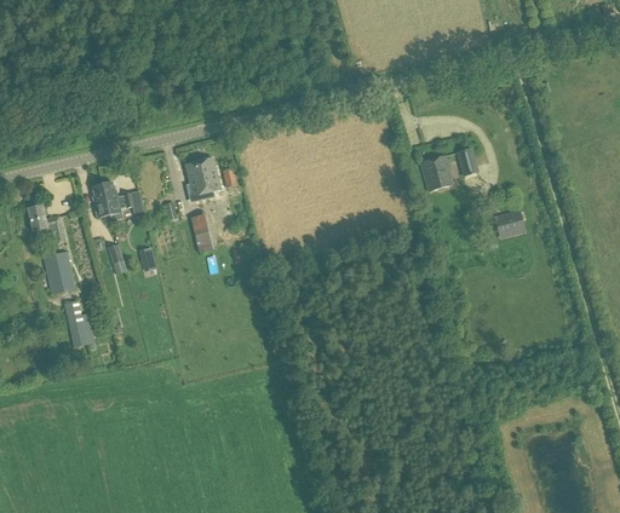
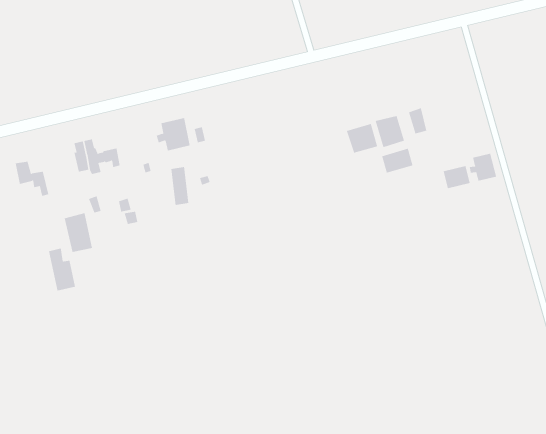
building: none -> [346,123,378,154]
building: none -> [381,148,413,174]
building: none -> [469,153,497,182]
building: [42,249,74,293] -> [64,212,93,253]

